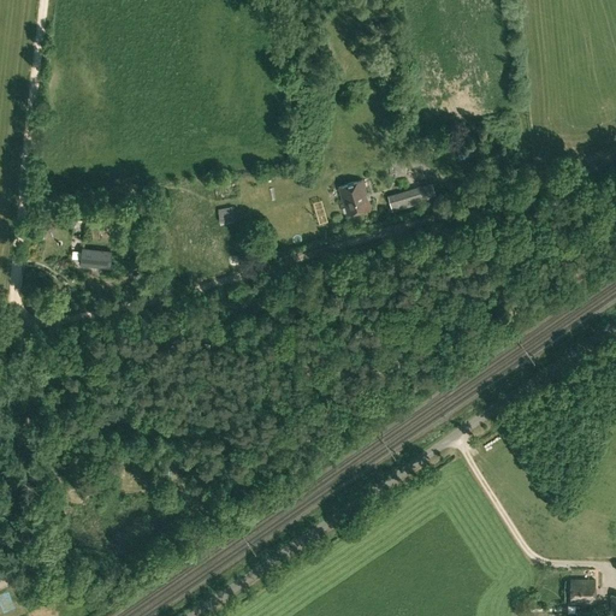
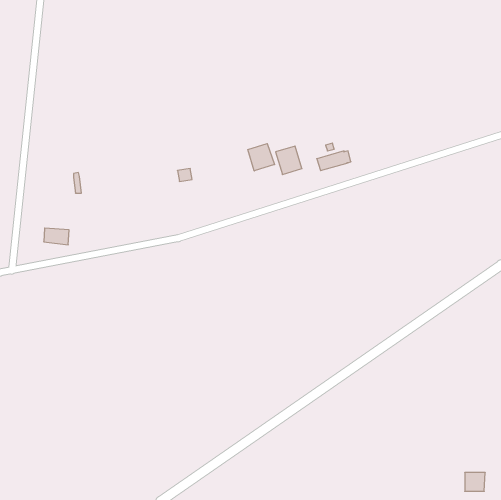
building: none -> [248,144,275,171]
building: [81,249,112,270] -> [44,228,69,245]

